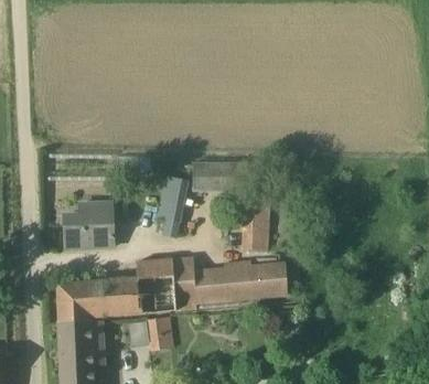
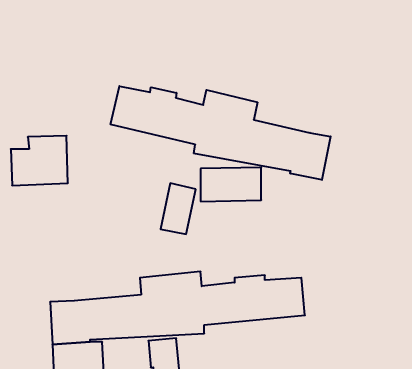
building: none -> [111,86,331,180]
building: [63,203,115,248] -> [11,136,68,185]
building: [242,203,269,250] -> none

